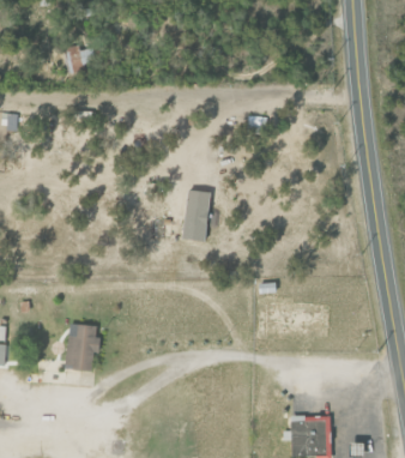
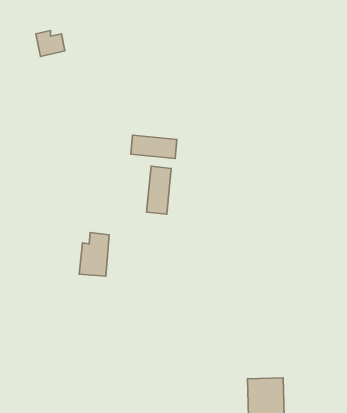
building: none -> [131,135,177,159]
building: [65,324,97,370] -> [79,233,109,276]

